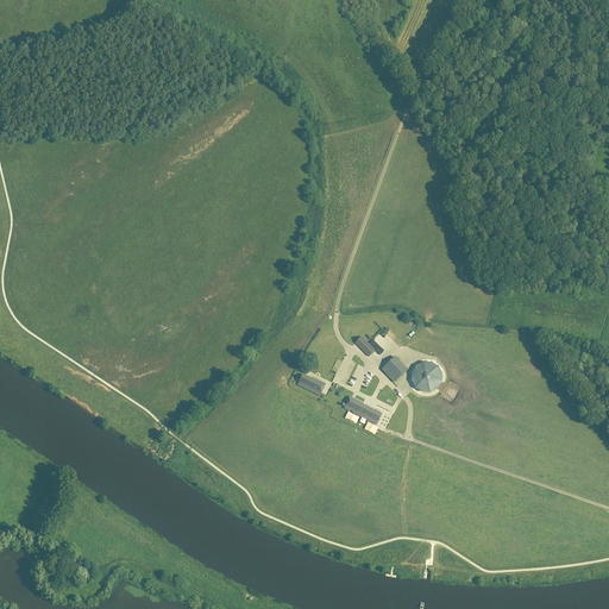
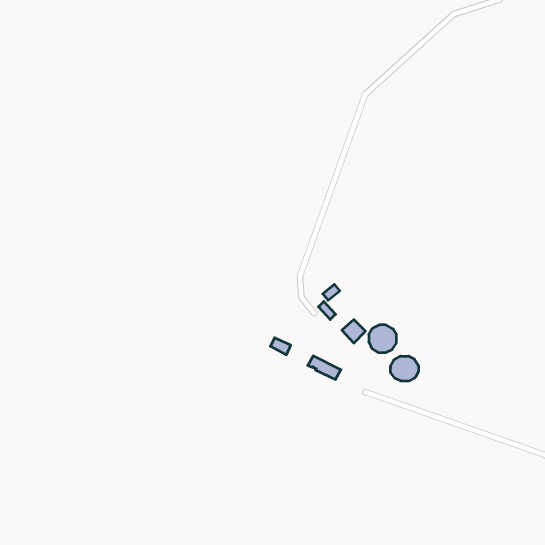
building: none -> [391,356,419,381]

